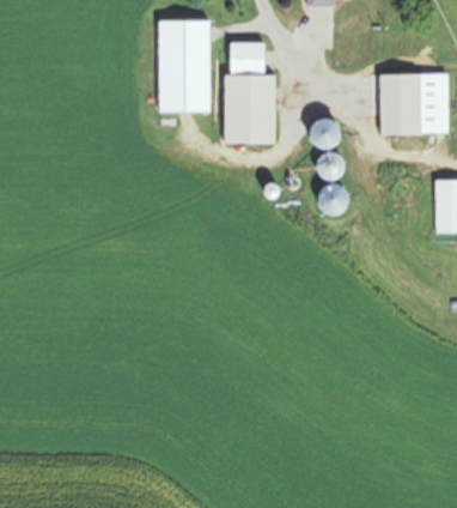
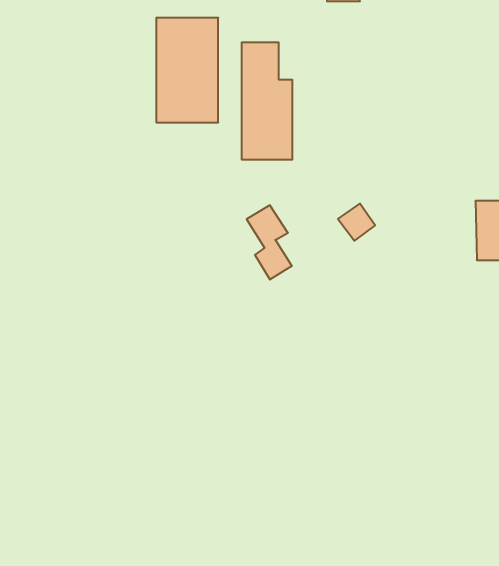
building: [377,73,447,134] -> none
building: [304,116,343,181] -> [247,205,292,280]

